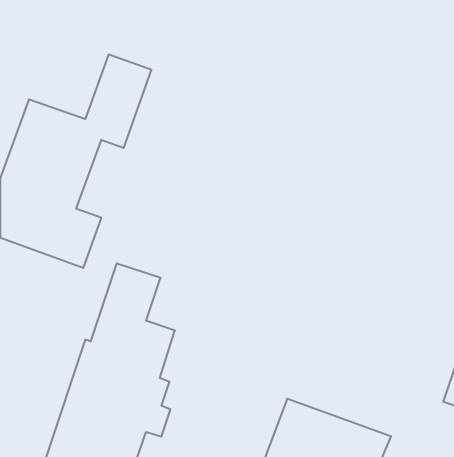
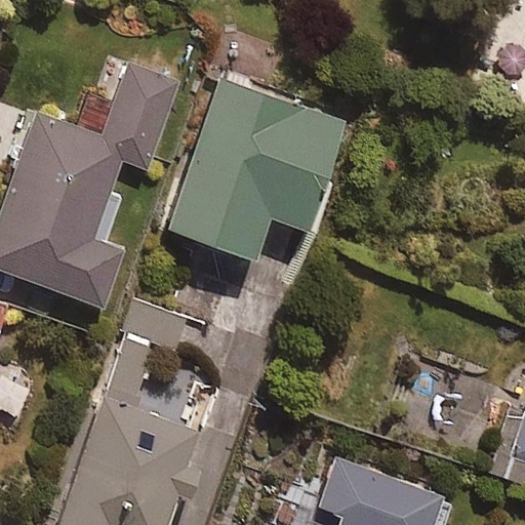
building: none -> [166,77,344,260]

